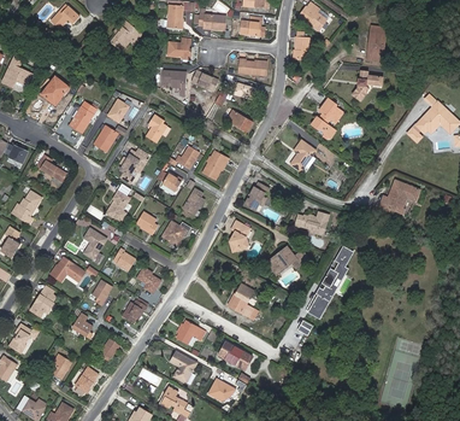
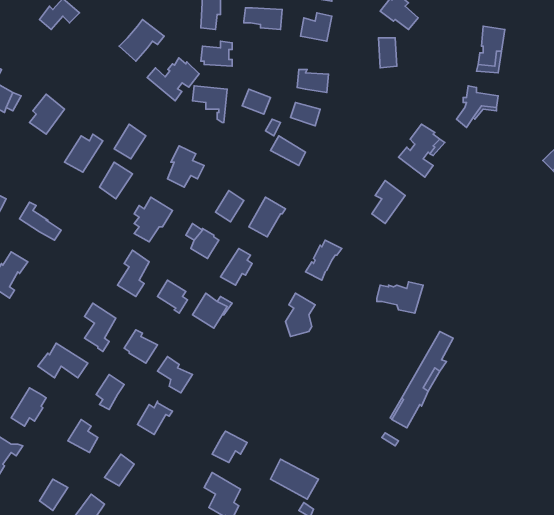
building: none -> [147,58,199,101]
building: [378,180,418,214] -> none
building: [266,246,308,275] -> none
building: [225,282,258,321] -> none

